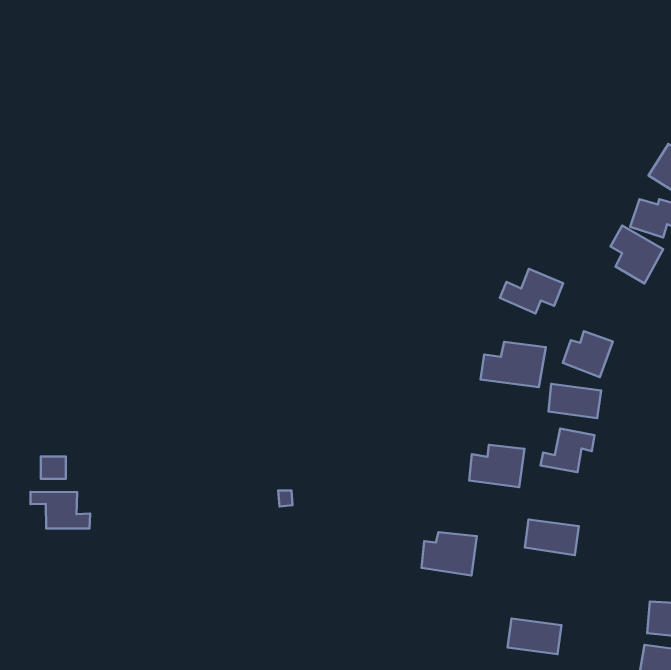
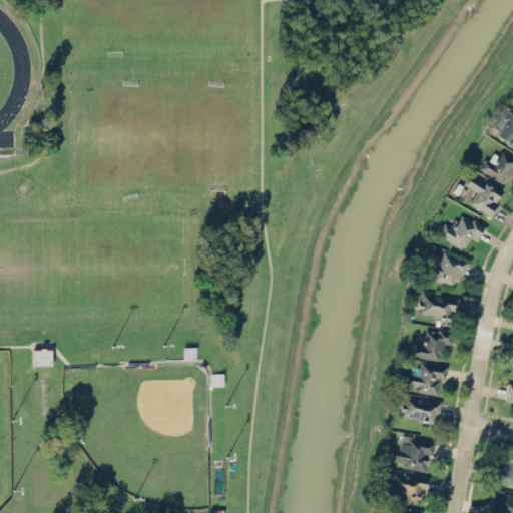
building: [500,269,563,314] -> [438,215,486,249]
building: [480,342,546,387] -> none
building: [469,445,525,487] -> [405,365,447,397]
building: [31,492,90,528] -> none
building: [421,532,477,576] -> [393,439,435,472]

